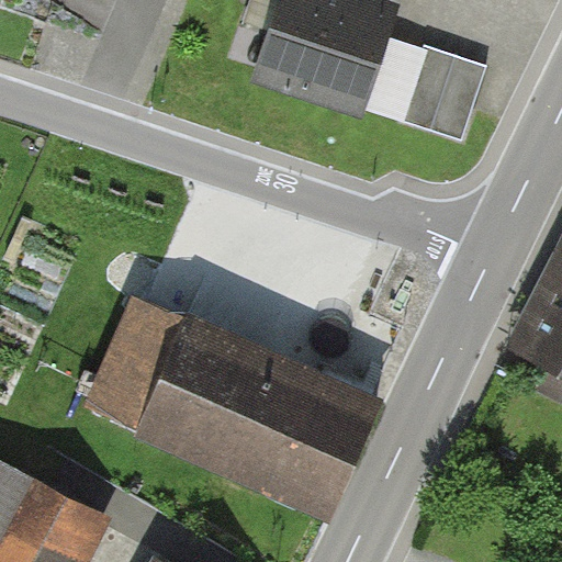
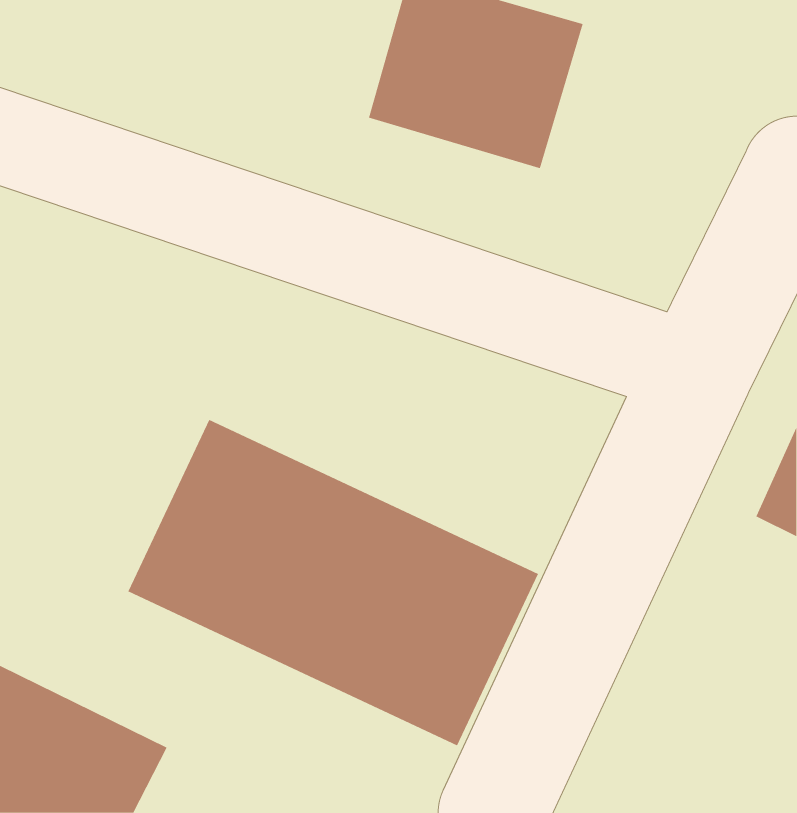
building: [395,52,479,144] -> none

